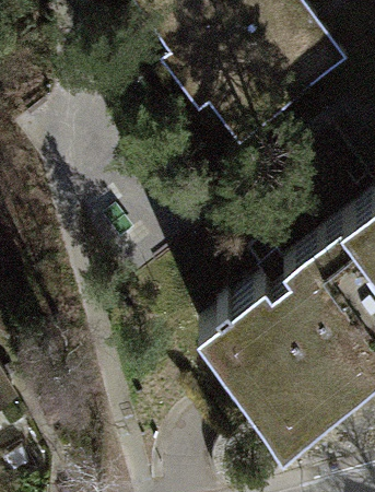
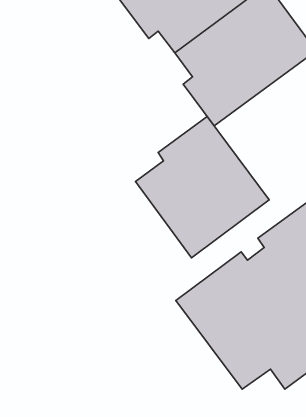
building: none -> [135,117,269,258]

